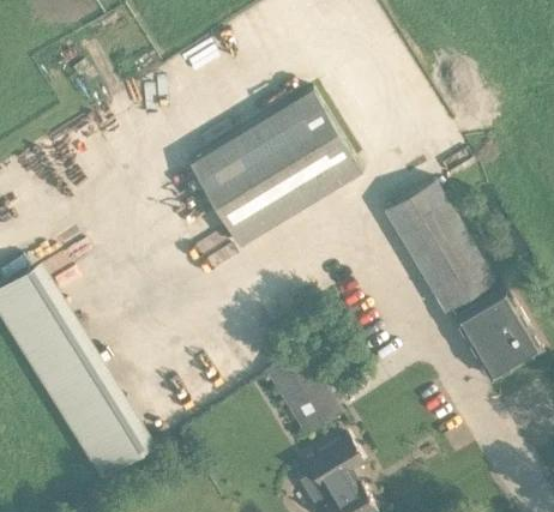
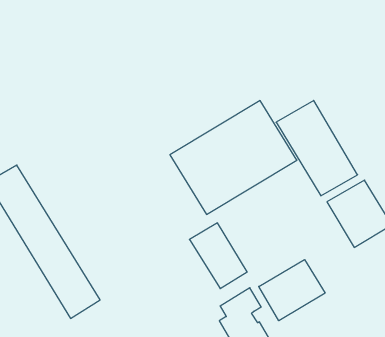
building: [189,90,363,246] -> [170,101,297,214]
building: none -> [259,260,325,321]

